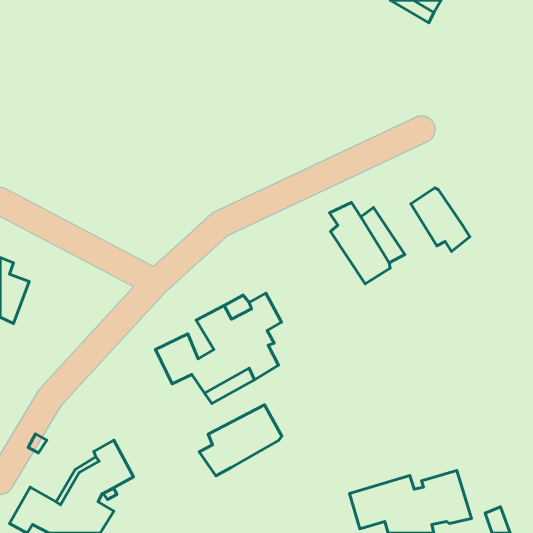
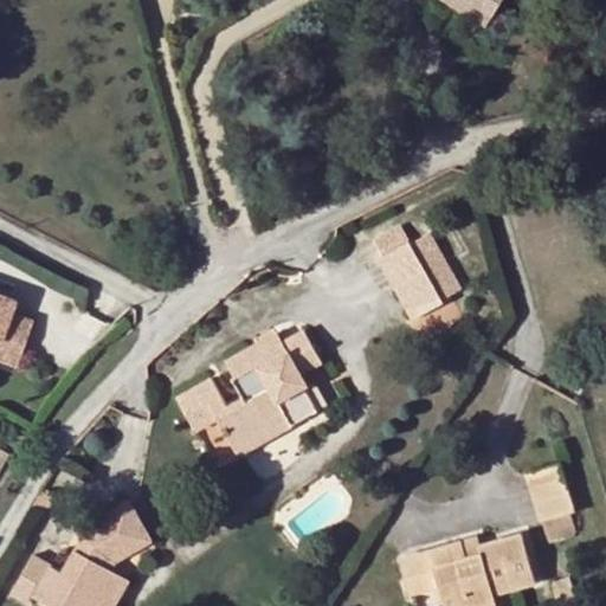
building: [411,188,470,252] -> none
building: [199,405,282,476] -> none
building: none -> [527,466,568,522]

